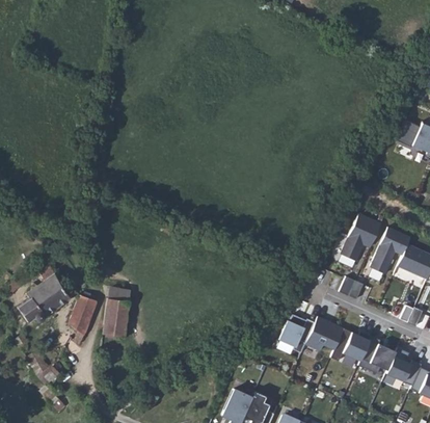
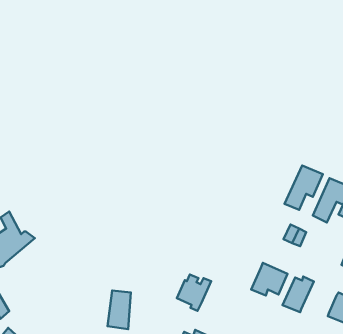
building: [69,293,98,335] -> none
building: [104,297,129,338] -> [107,291,131,329]
building: [278,315,315,353] -> [177,274,211,311]
building: [357,337,395,374] -> none

